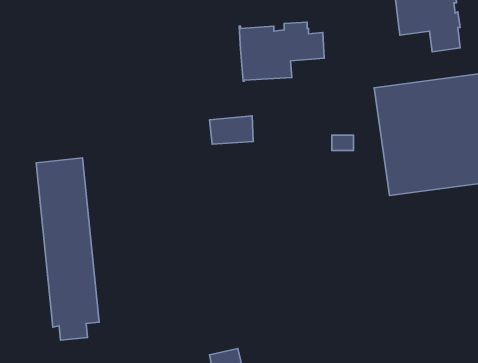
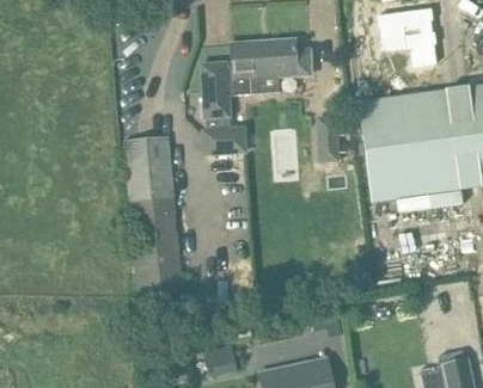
building: none -> [203,61,236,115]
building: [36,158,99,340] -> [124,134,183,303]

